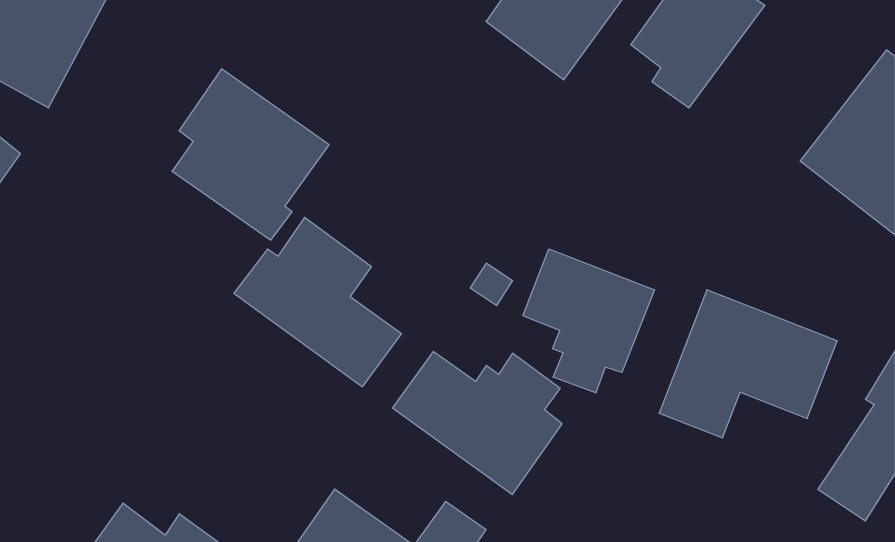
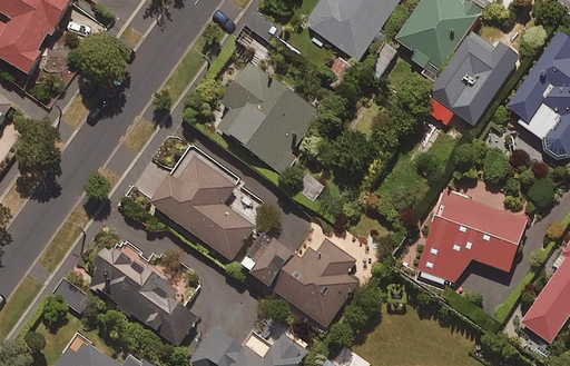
building: none -> [431,40,520,131]
building: [172,69,329,240] -> [219,71,318,179]
building: [523,249,655,393] -> none
building: none -> [88,240,197,344]

